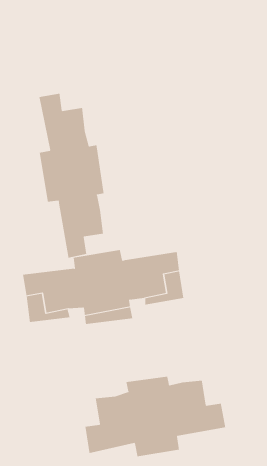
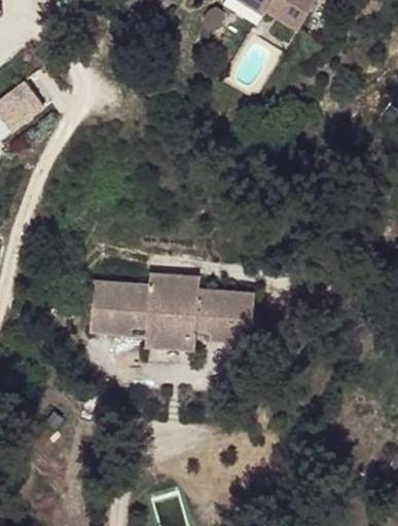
building: [39,93,104,258] -> none
building: [85,376,226,457] -> none

